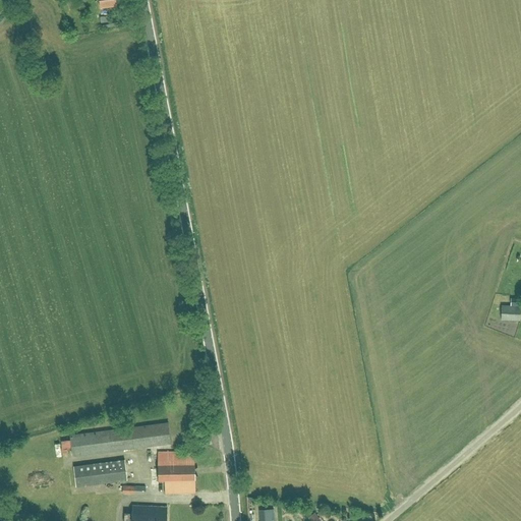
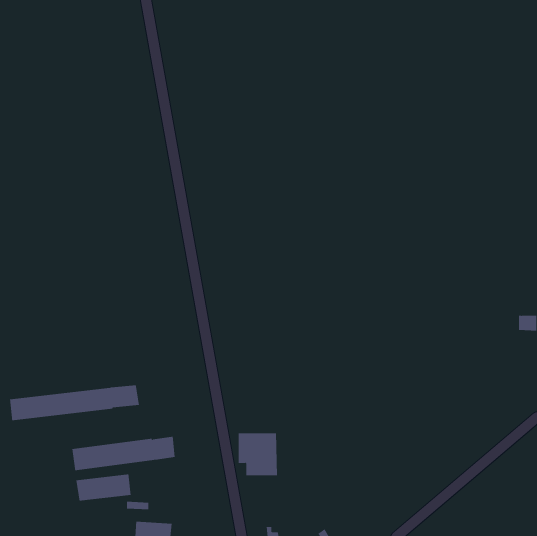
building: none -> [10,384,139,421]
building: [157,452,195,494] -> [238,433,278,476]

